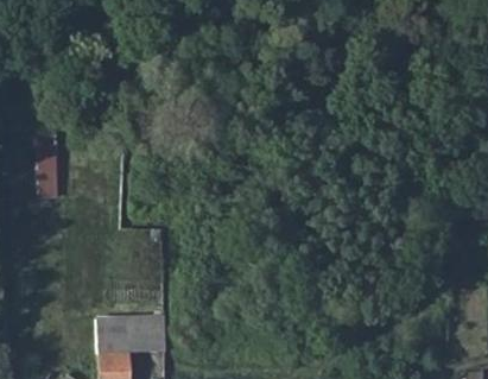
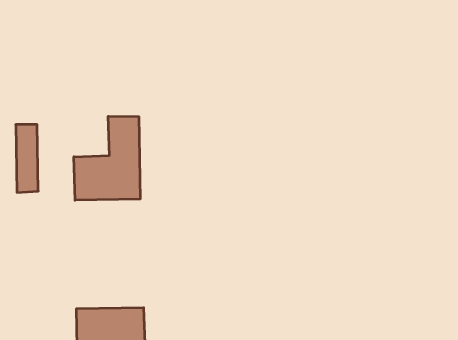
building: none -> [74,116,140,200]

